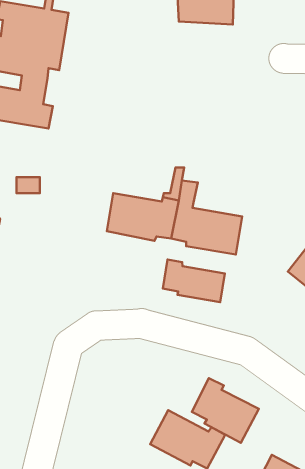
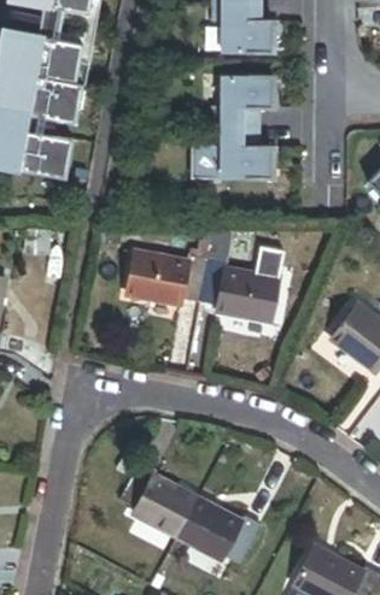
building: none -> [187,78,268,184]
building: [163,260,225,302] -> none
building: [192,378,259,443] -> [122,461,198,535]

